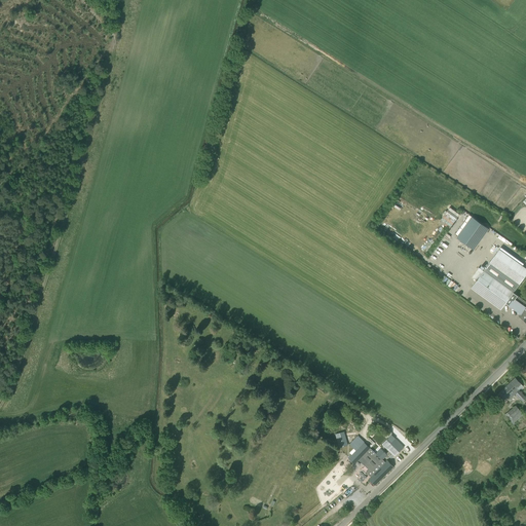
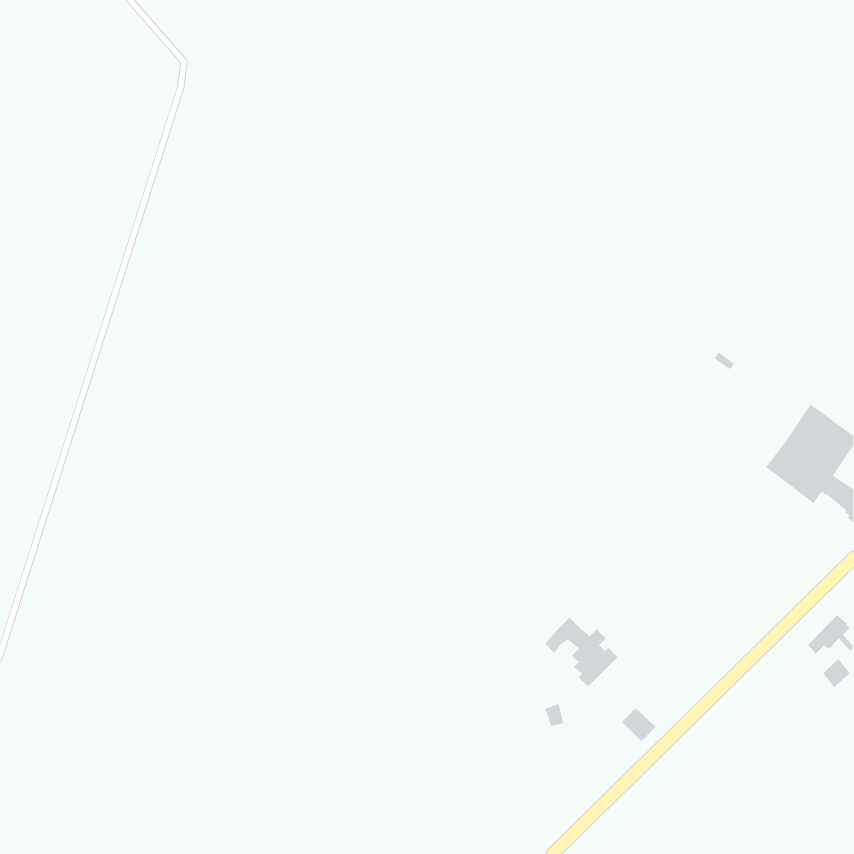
building: [455,216,487,249] -> none
building: [347,441,392,484] -> [544,617,618,687]

